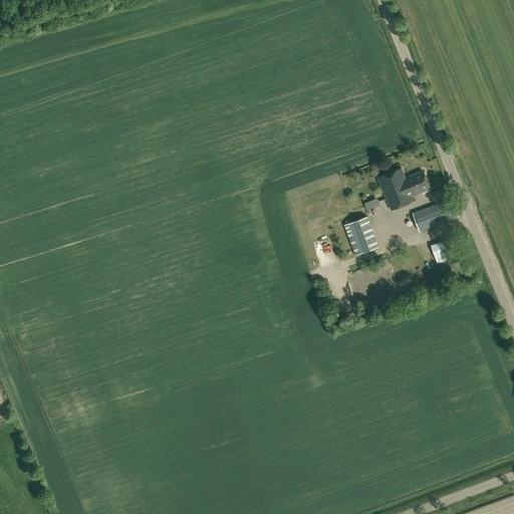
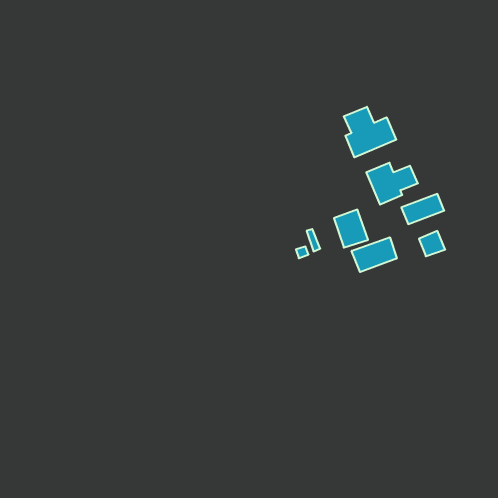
building: none -> [344,107,396,157]
building: none -> [352,237,397,272]

